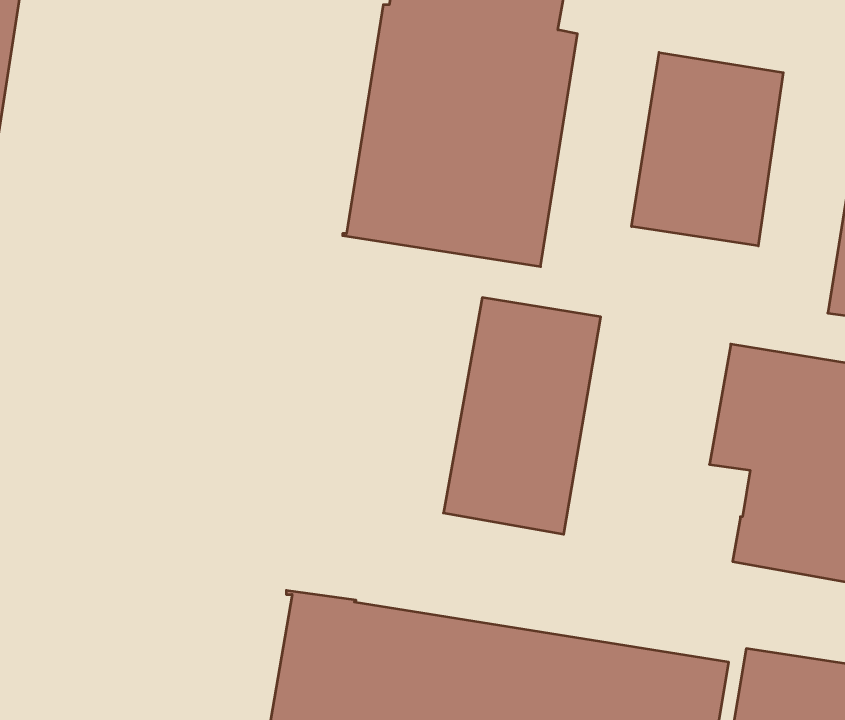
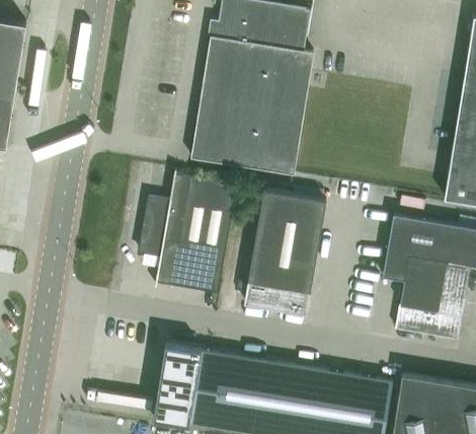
building: [632,52,783,246] -> none
building: none -> [140,171,237,294]

